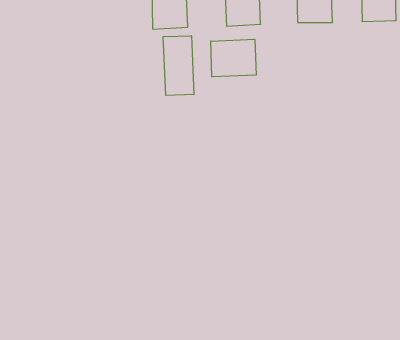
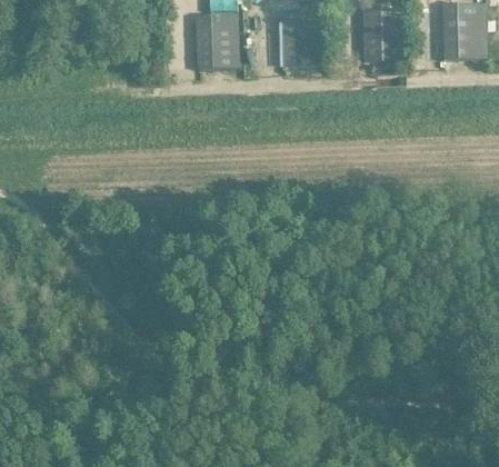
building: [163,36,194,95] -> none
building: [211,39,256,77] -> none

